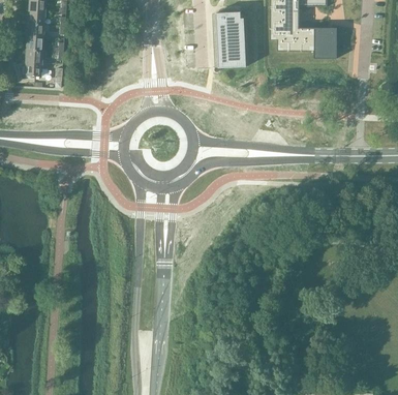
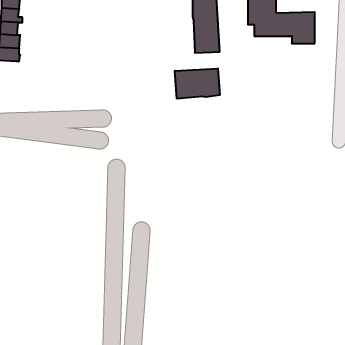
building: none -> [175,68,220,99]

